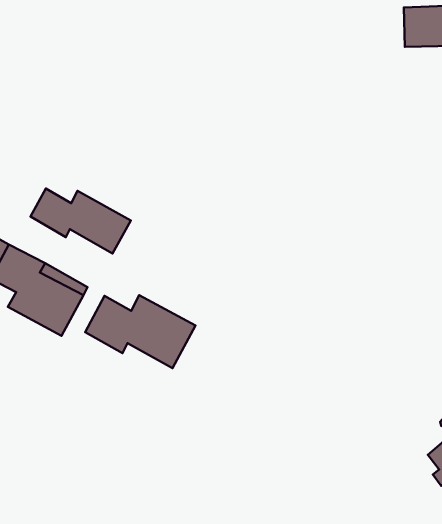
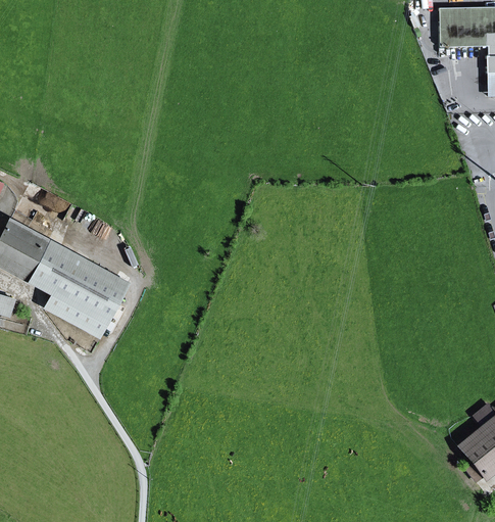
building: [30,189,131,254] -> none
building: [85,295,195,368] -> none

